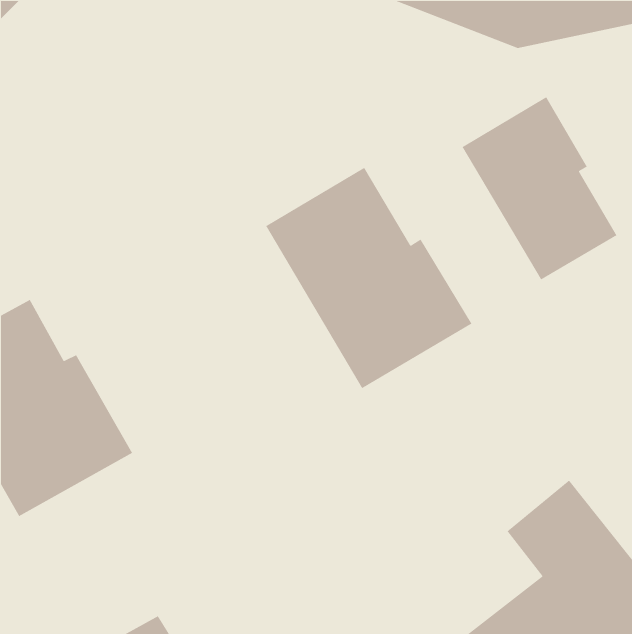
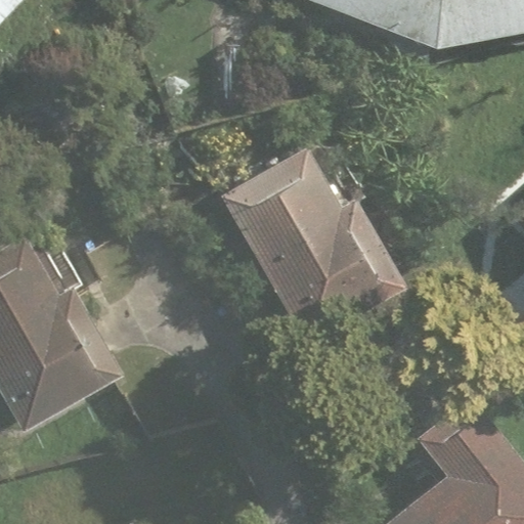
building: [462,96,618,281] -> none

